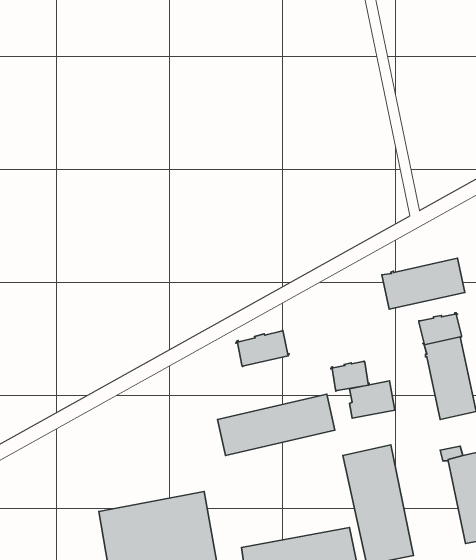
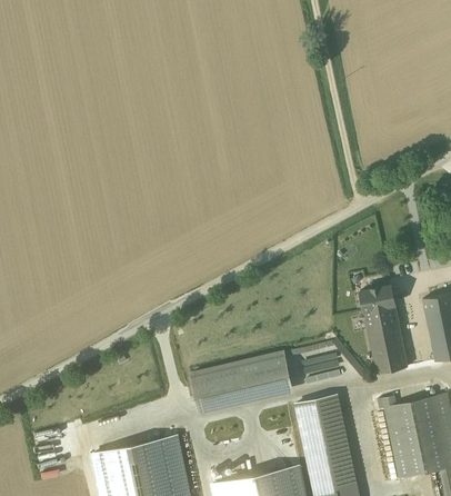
building: [382,258,465,309] -> none
building: [236,330,289,367] -> none
building: [331,361,369,391] -> none

